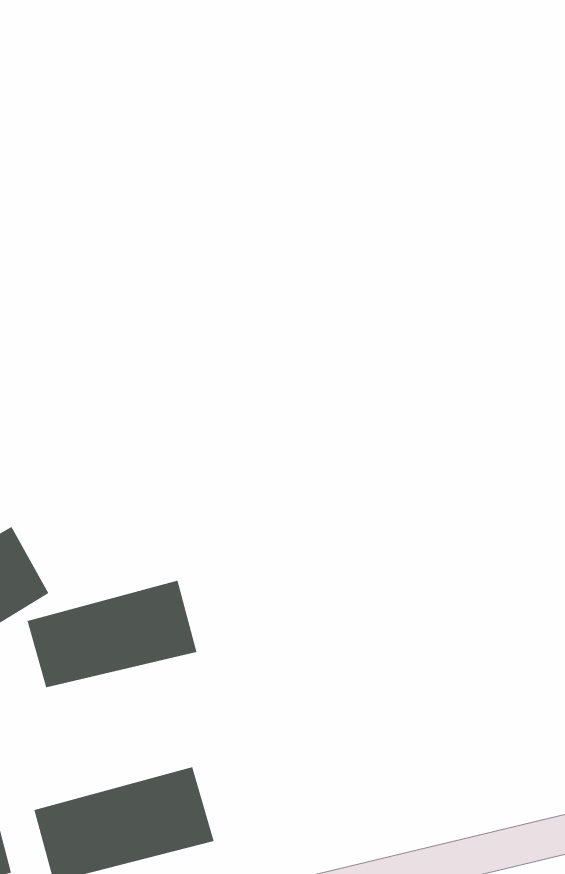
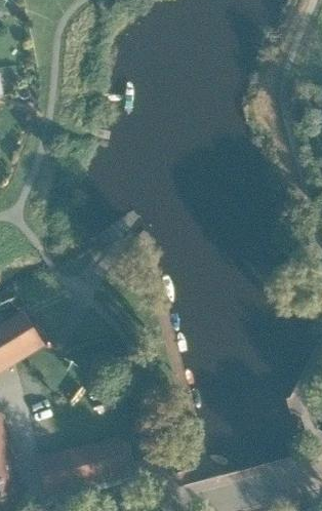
building: [27,580,197,688] -> none

